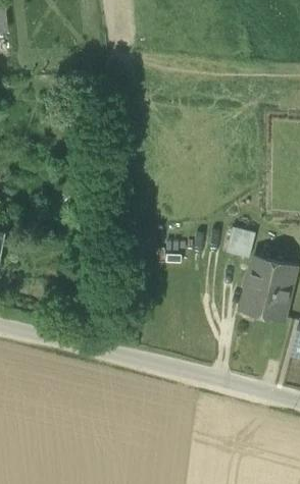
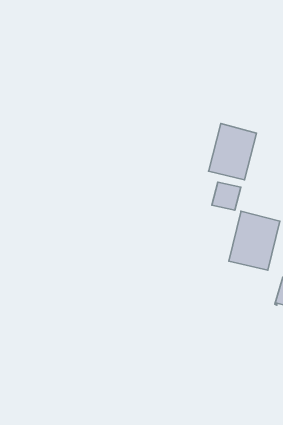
building: none -> [208,123,256,180]

